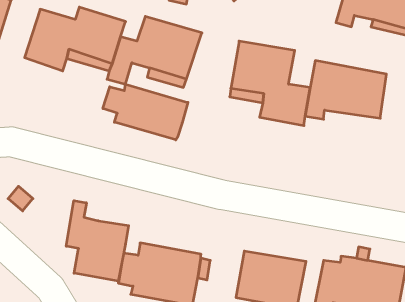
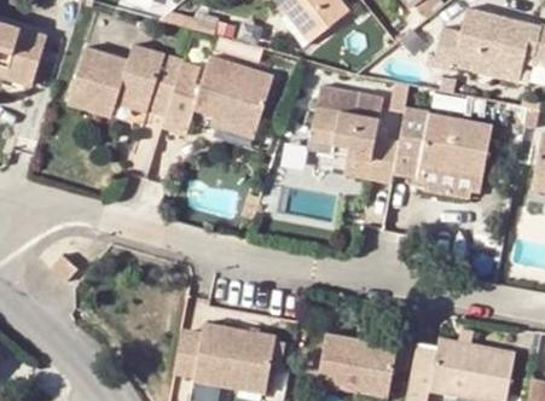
building: [103,84,188,140] -> none
building: none -> [414,168,483,202]
building: [66,201,129,281] -> none

